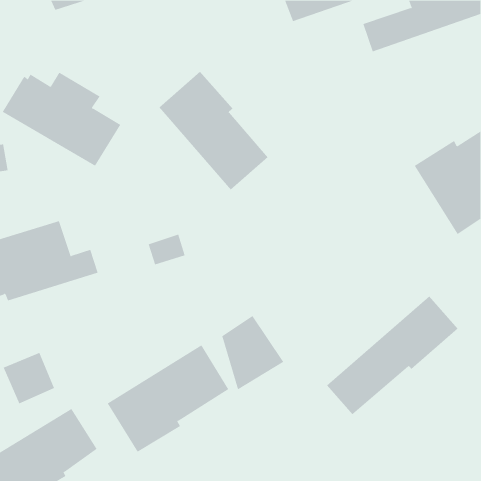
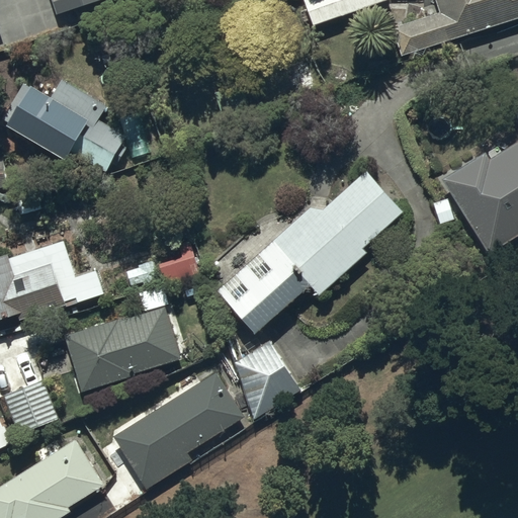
building: [158,71,268,190] -> none
building: none -> [218,170,403,335]
building: none -> [66,306,180,390]
building: [326,295,458,415] -> none

